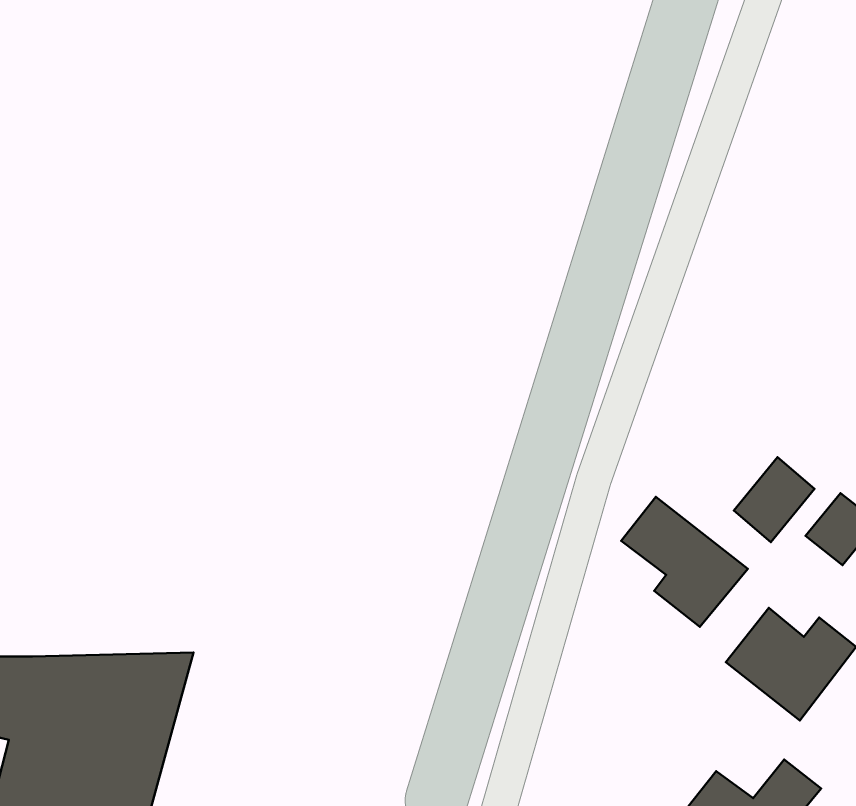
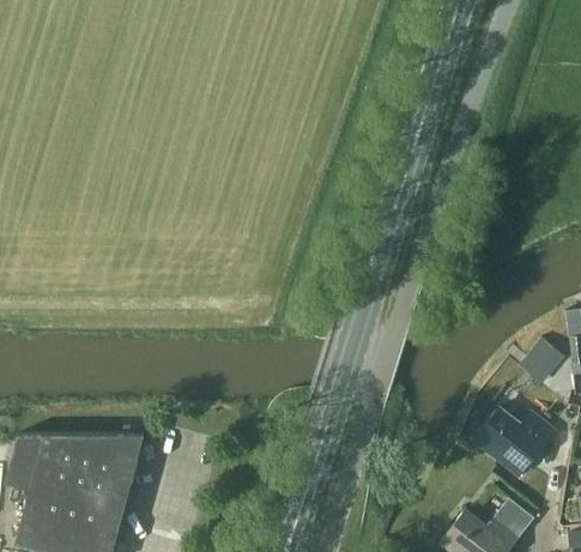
building: [734,457,815,542] -> none
building: [621,497,748,627] -> none

